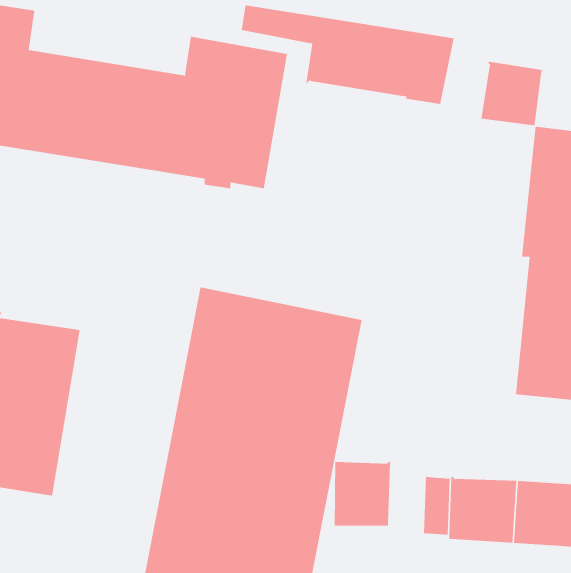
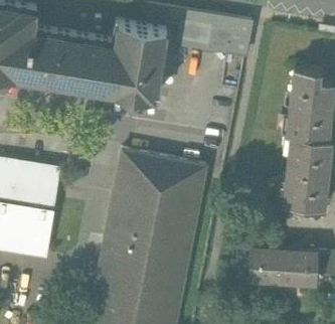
building: [481,61,544,126] -> none
building: [334,461,391,529] -> none

